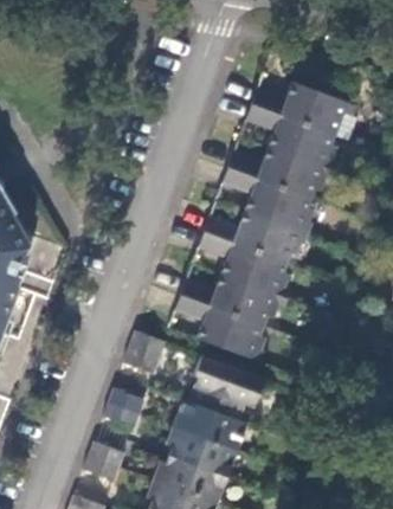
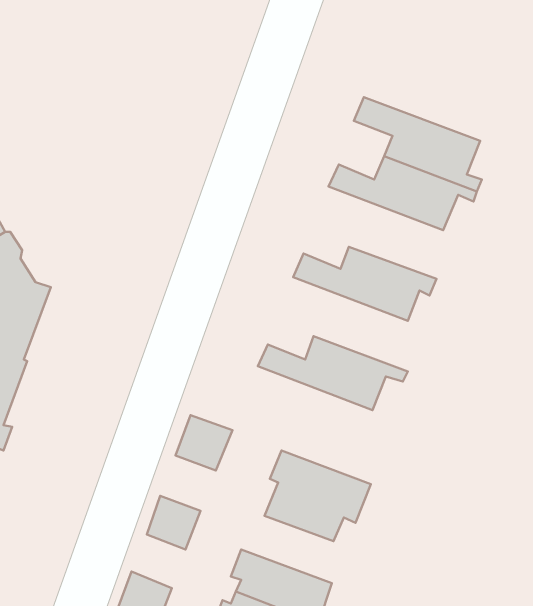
building: [257,86,356,140] -> none
building: [226,172,313,237] -> none
building: [201,236,290,302] -> none
building: [176,298,263,365] -> none
building: [170,401,245,451] -> none

